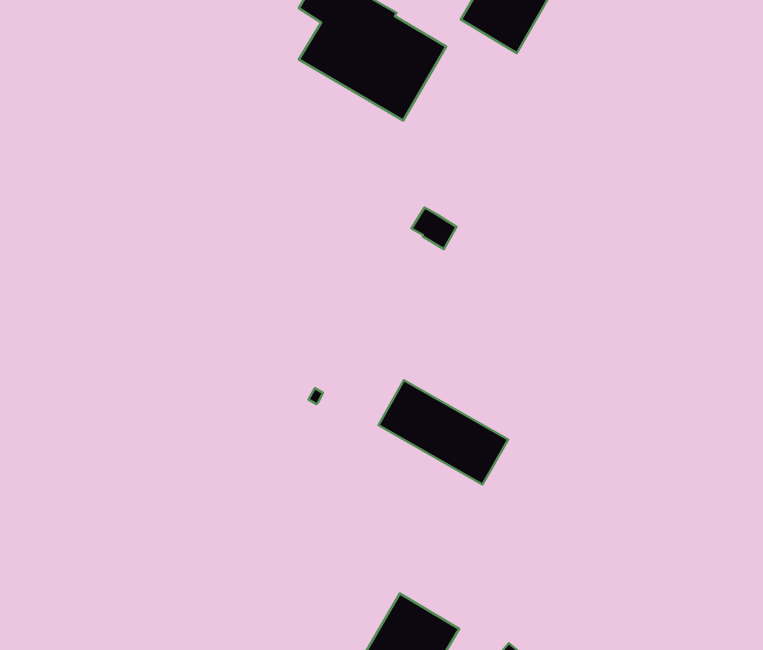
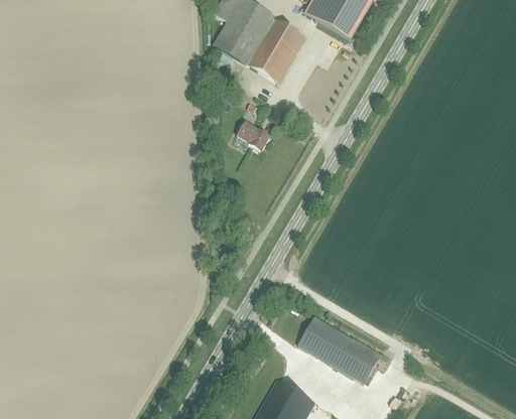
building: [412,208,457,249] -> [241,124,269,150]
building: [378,380,508,485] -> [297,316,379,382]

